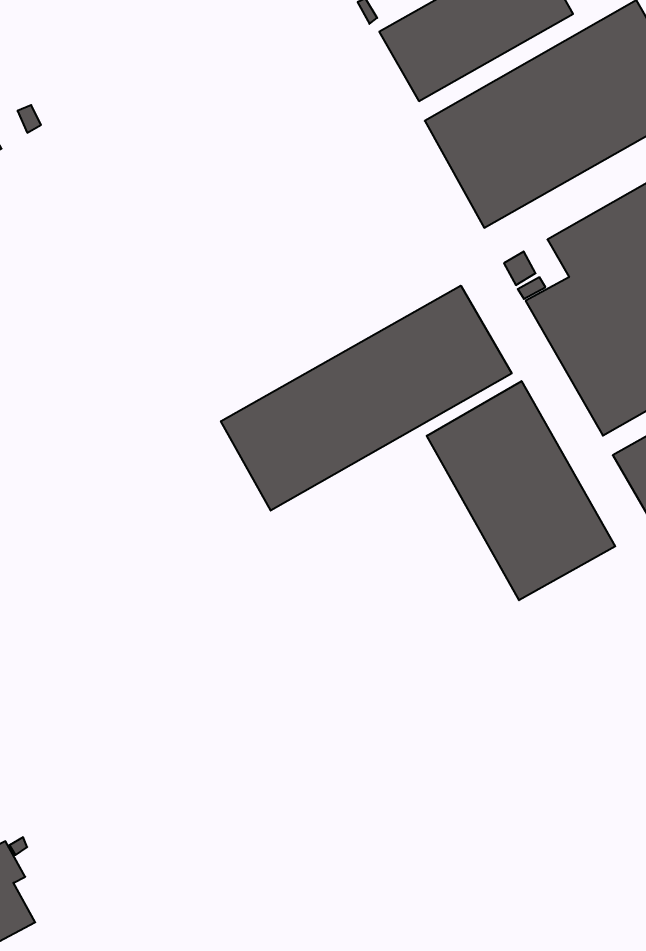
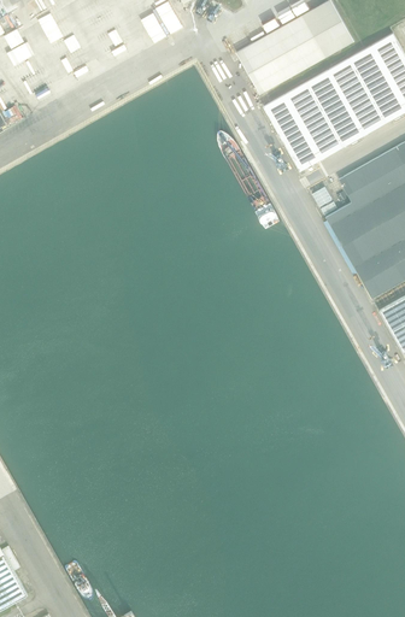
building: [221,286,512,511] -> none
building: [427,381,615,600] -> none

